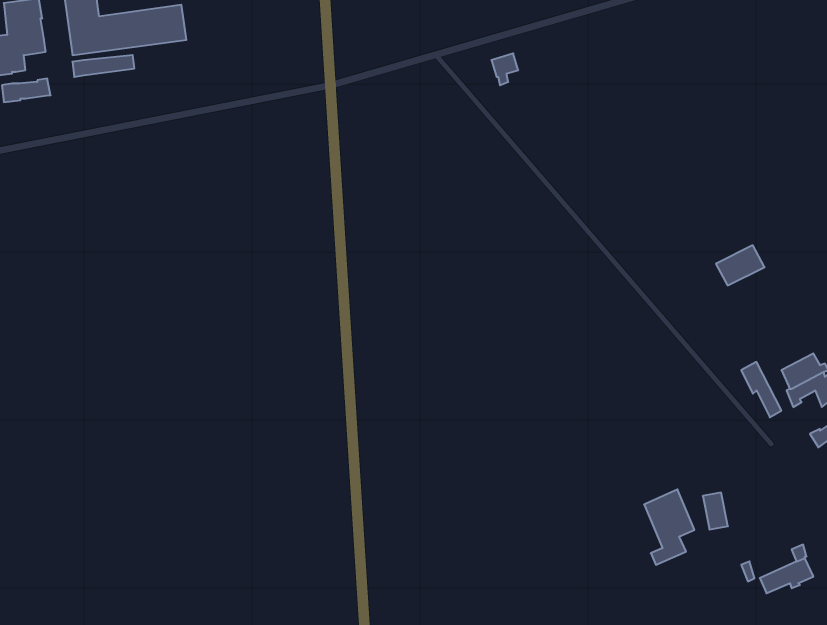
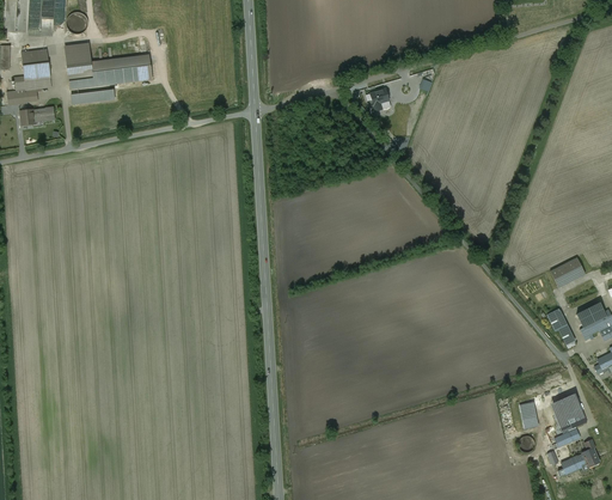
building: [716,245,765,285] -> [550,258,585,287]
building: [644,489,694,565] -> [550,392,586,446]

